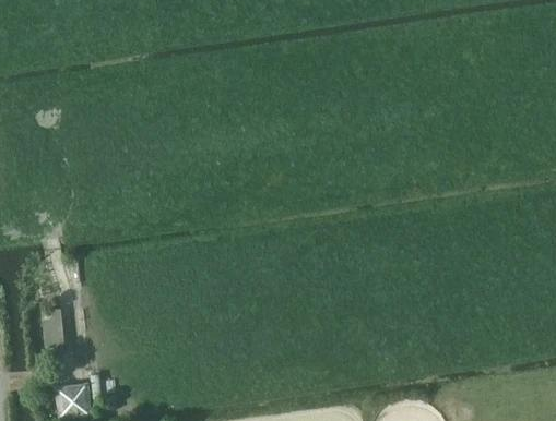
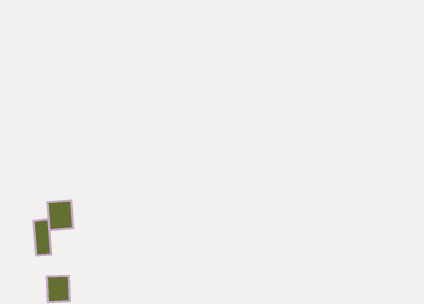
building: none -> [47,200,73,230]

